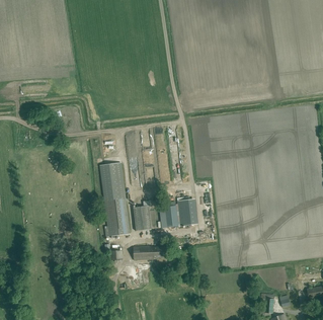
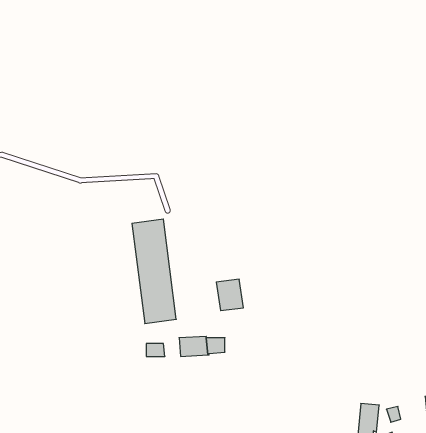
building: [177,198,194,225] -> none
building: [133,205,151,230] -> none

